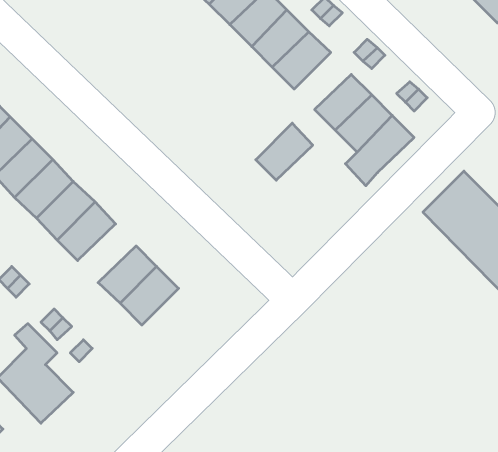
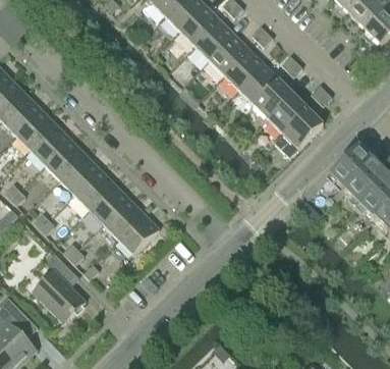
building: [256,123,313,180] -> [239,64,279,104]
building: none -> [89,183,129,224]

